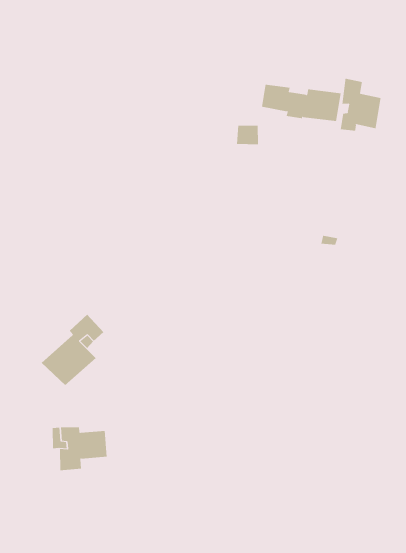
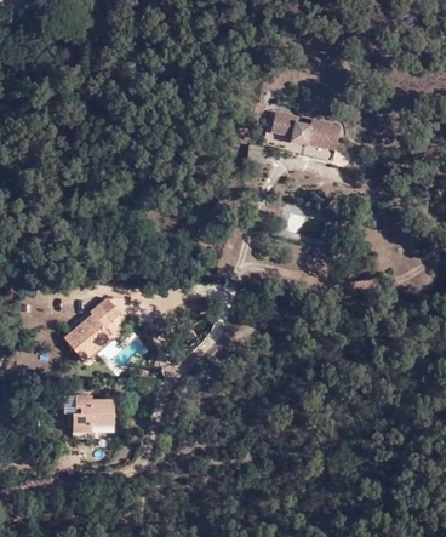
building: [340,78,381,131] -> none

